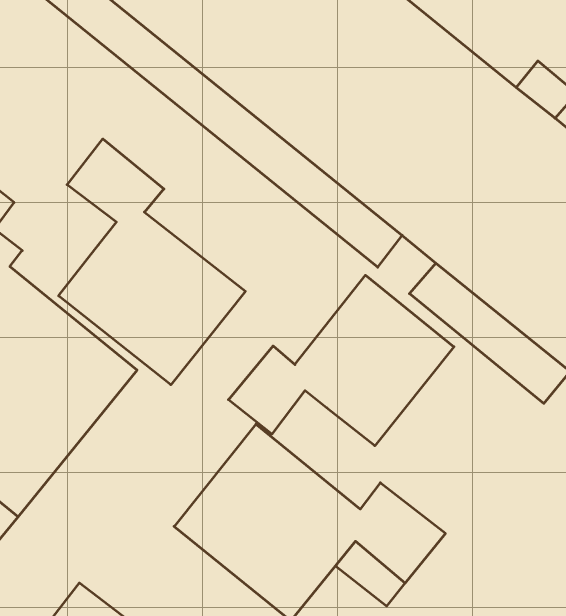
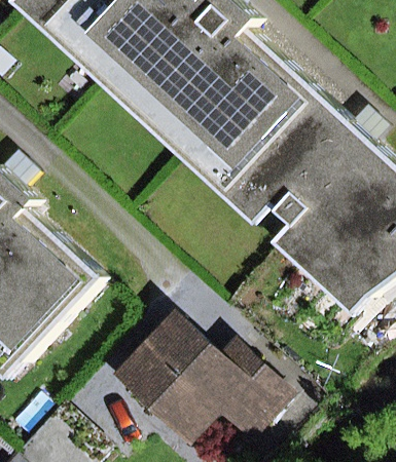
building: [59,139,245,385] -> none
building: [228,275,454,446] -> none

